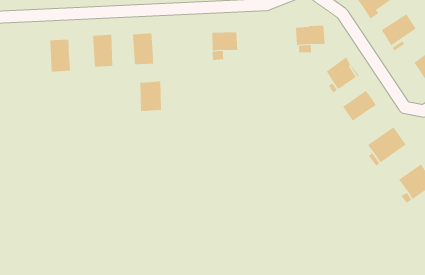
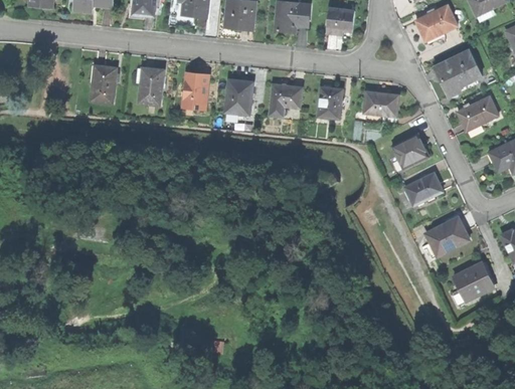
building: none -> [317,87,342,120]
building: [139,81,162,112] -> [224,80,252,115]

